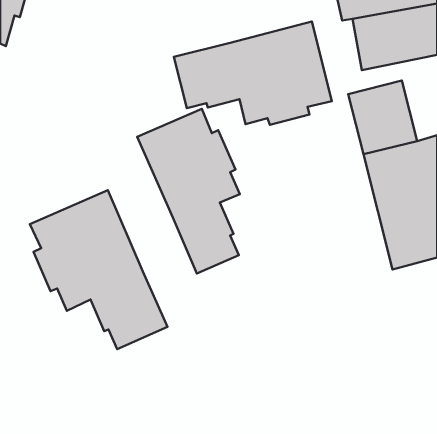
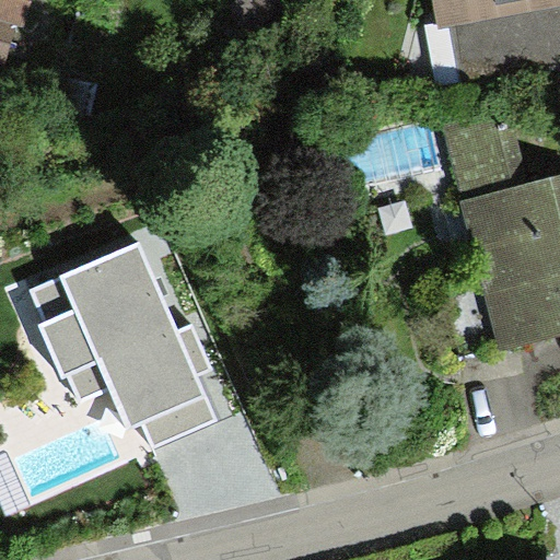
building: [174,22,332,125] -> none
building: [137,109,240,273] -> none

